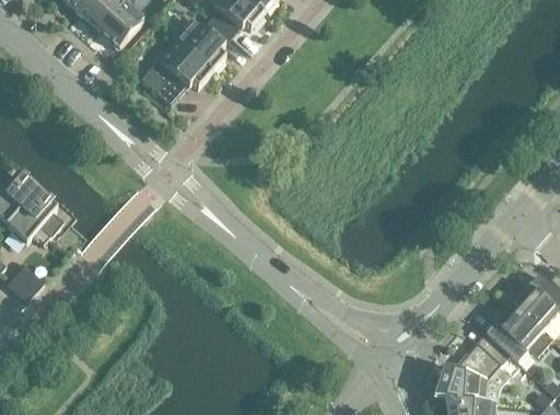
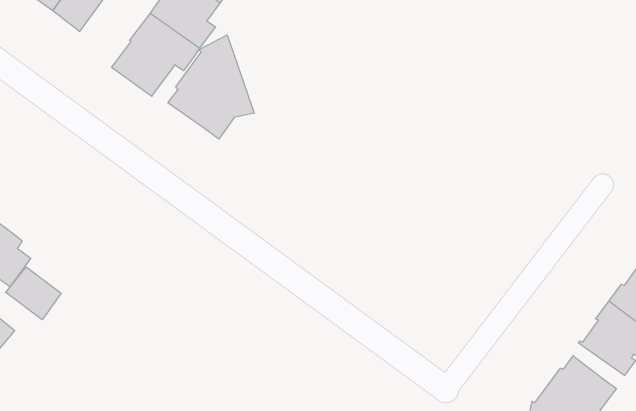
building: none -> [168,35,254,139]
building: none -> [6,267,61,320]

